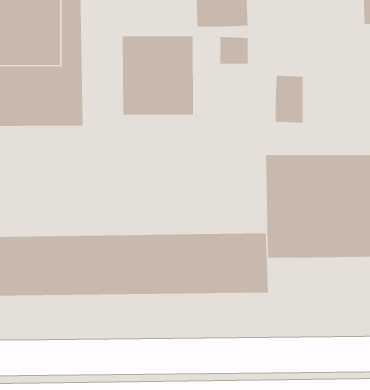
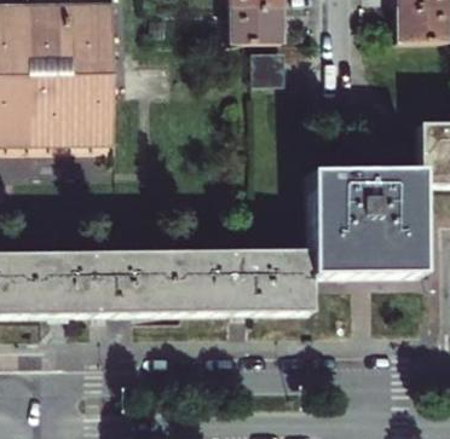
building: [122,35,194,115] -> none
building: [275,75,303,123] -> none

